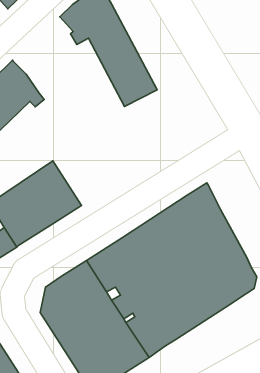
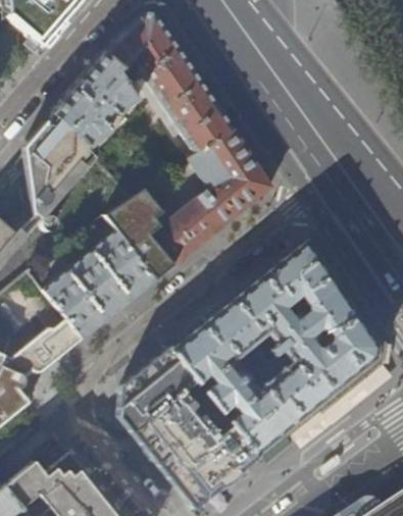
building: none -> [54,54,139,150]
building: none -> [104,131,272,281]

